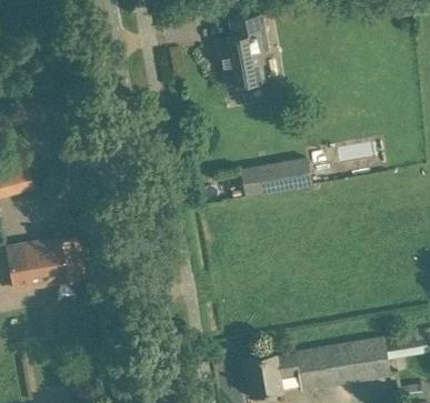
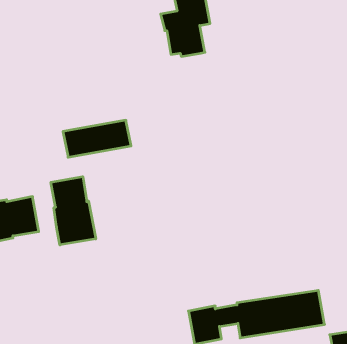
building: [240,157,313,197] -> [63,120,131,157]
building: none -> [51,177,96,245]

